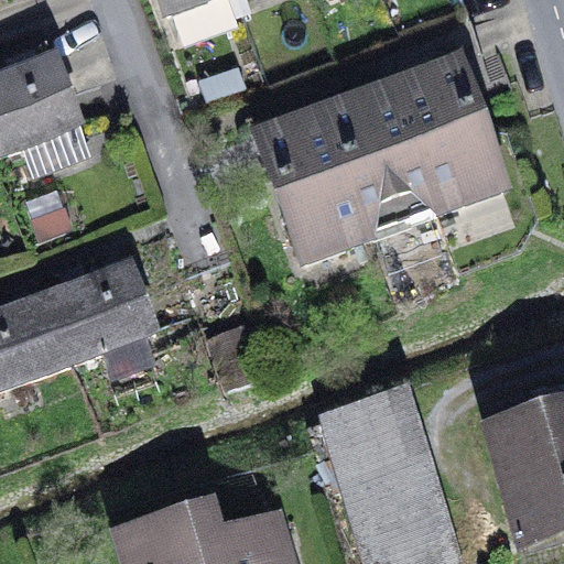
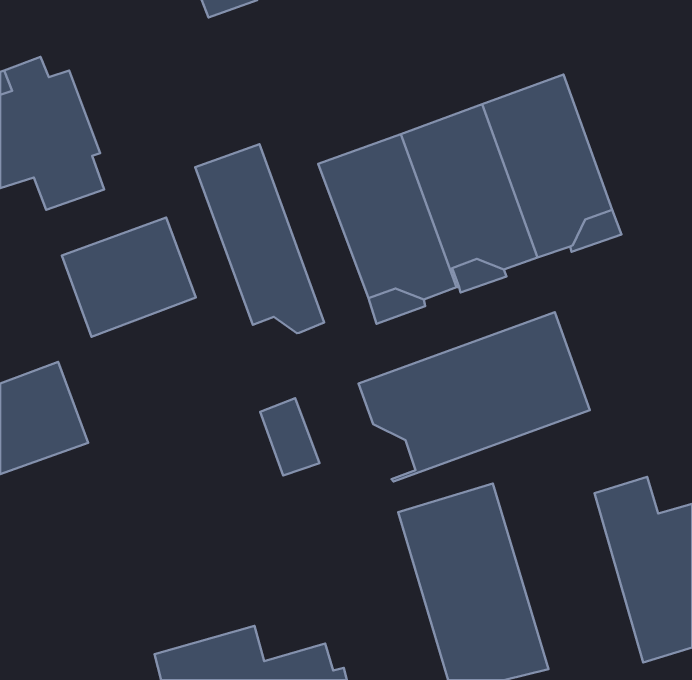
building: none -> [195,144,324,333]
building: none -> [358,312,590,482]
building: [47,263,156,360] -> [62,217,196,337]

